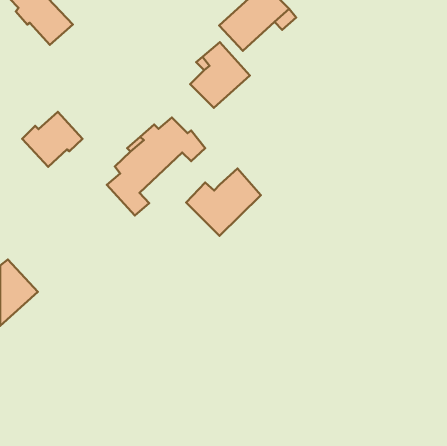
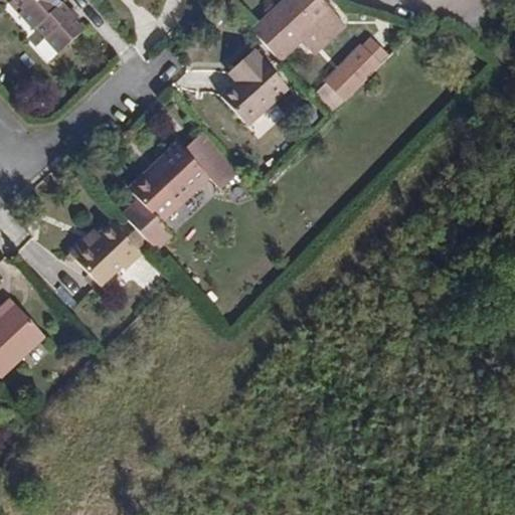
building: none -> [316,45,380,111]
building: [22,112,82,167] -> [70,221,140,285]
building: [186,168,261,236] -> none

